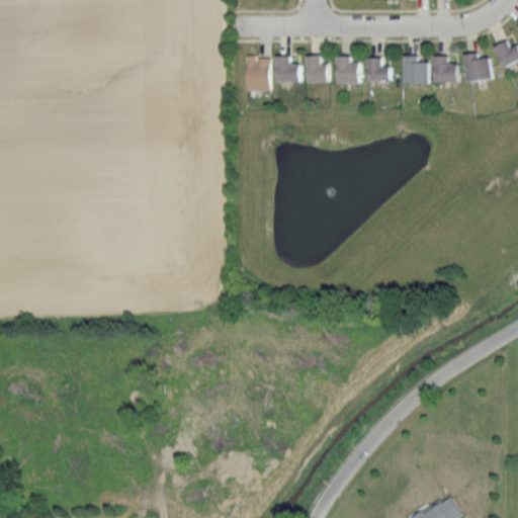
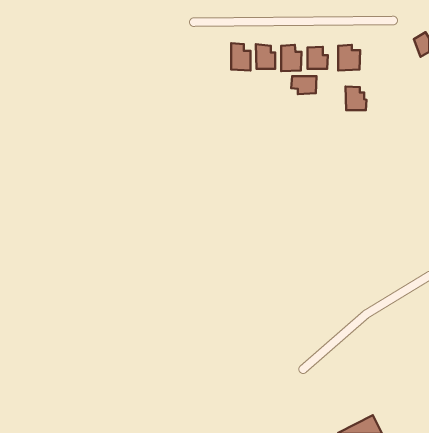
building: [463,53,491,83] -> none
building: [245,56,268,92] -> none
building: [432,56,457,84] -> [345,86,367,110]
building: none -> [291,76,317,94]

